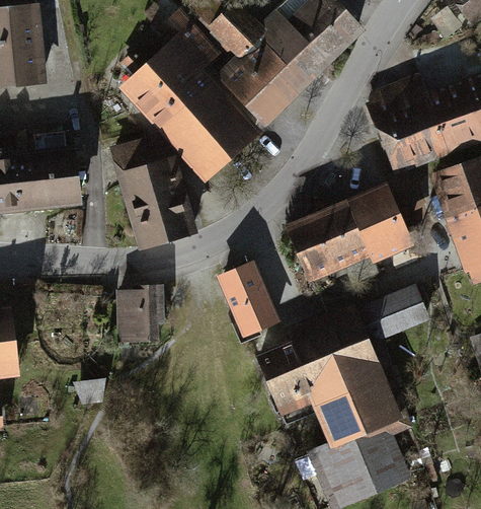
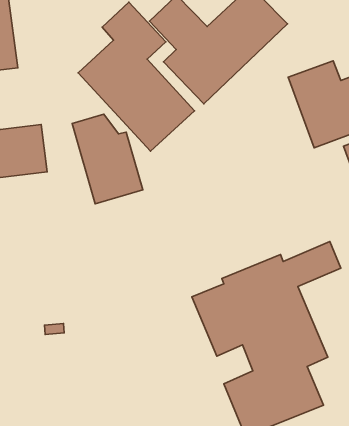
building: [284,184,411,282] -> none
building: [215,263,280,341] -> none
building: [116,288,159,341] -> none

